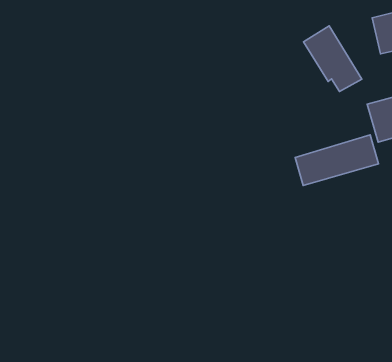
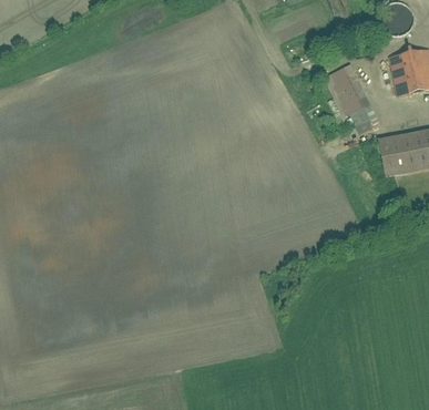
building: [295,135,378,185] -> none

